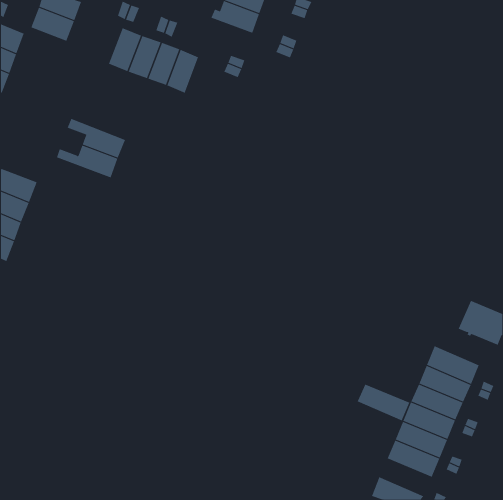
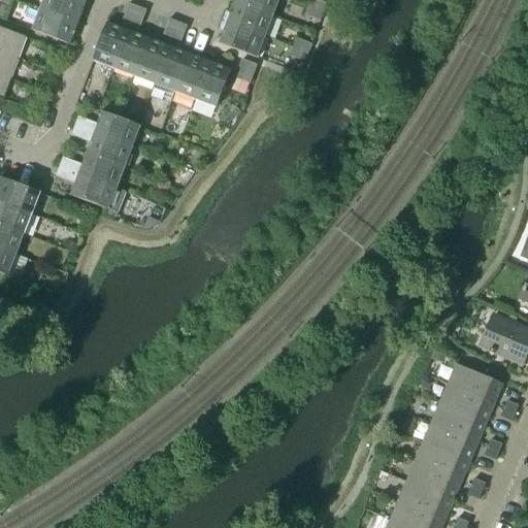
building: none -> [218,19,265,57]
building: none -> [92,21,128,67]
building: none -> [194,60,231,106]
building: none -> [74,110,139,146]
building: none -> [55,165,117,208]
building: [357,384,410,421] -> [397,481,453,520]

